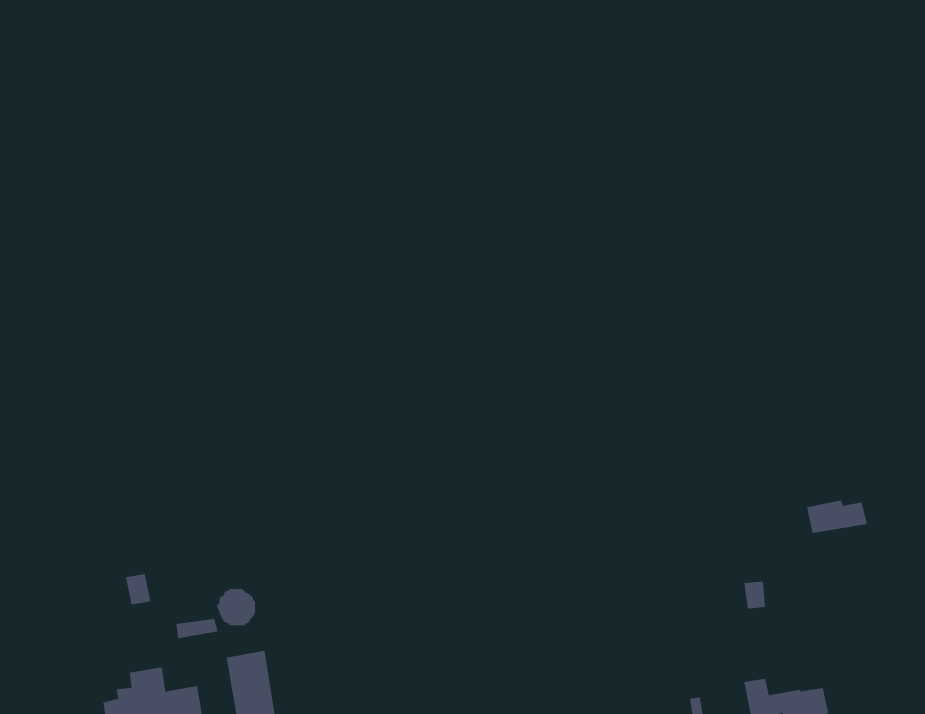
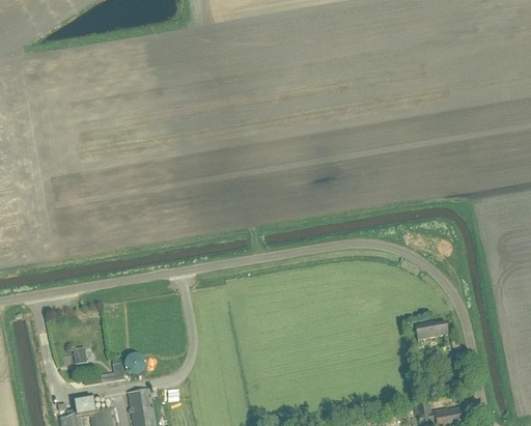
building: [806,500,868,533] -> [414,319,448,338]

